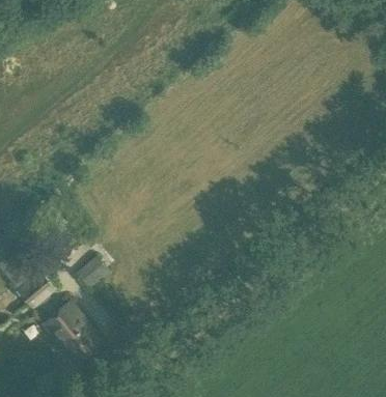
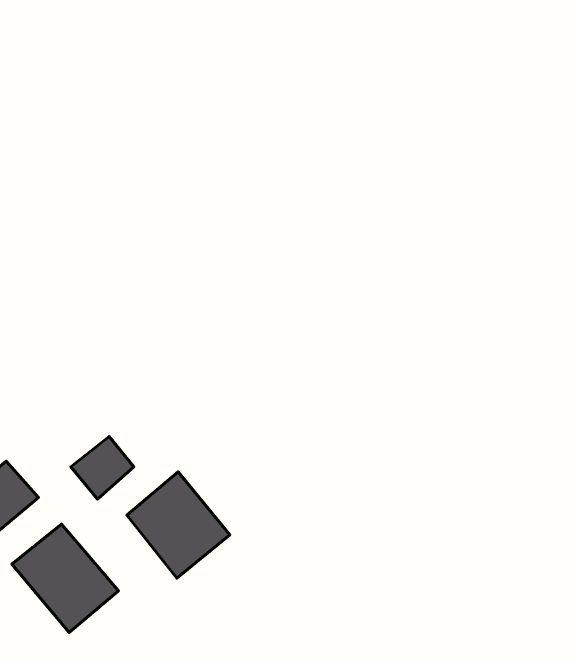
building: none -> [127,472,230,578]

